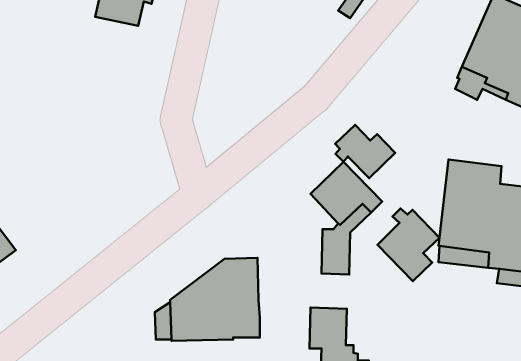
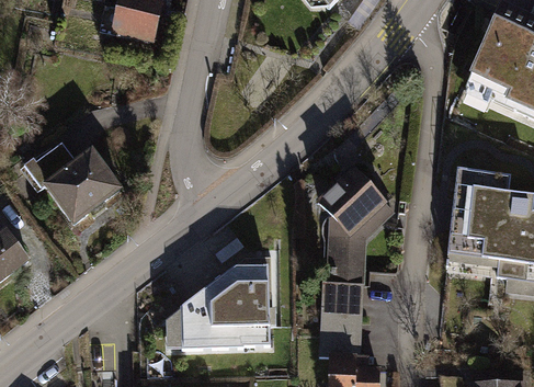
building: [335,125,395,178] -> none
building: none -> [32,141,121,220]
building: [378,208,439,281] -> none
building: none -> [321,278,360,315]

